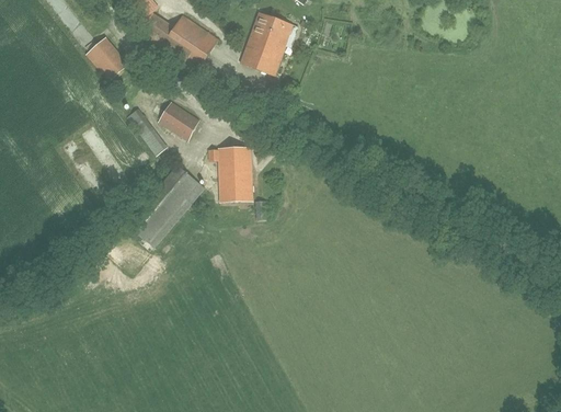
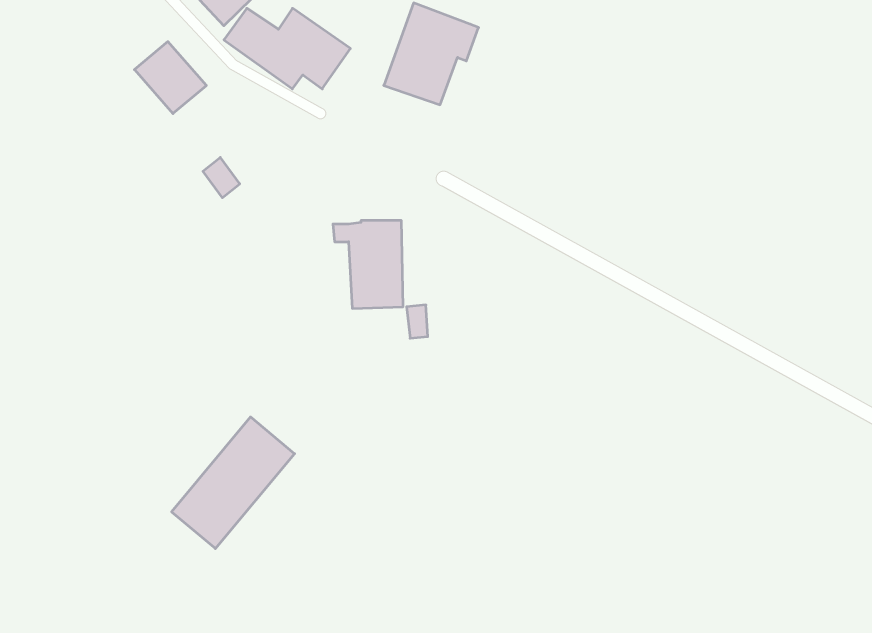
building: [159,101,199,140] -> none
building: [127,164,204,247] -> [172,417,295,549]

